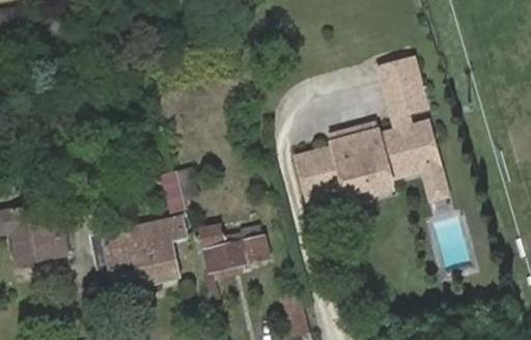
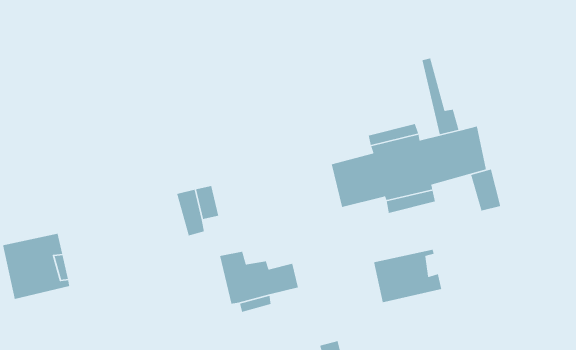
building: [383,50,424,103] -> none
building: [93,221,178,296] -> none
building: none -> [373,249,442,303]

